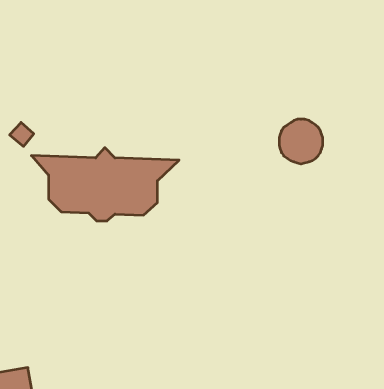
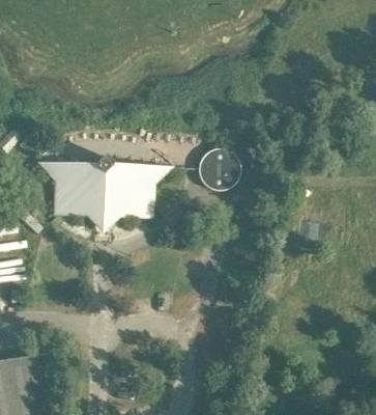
building: [279,119,323,164] -> [198,149,237,190]

